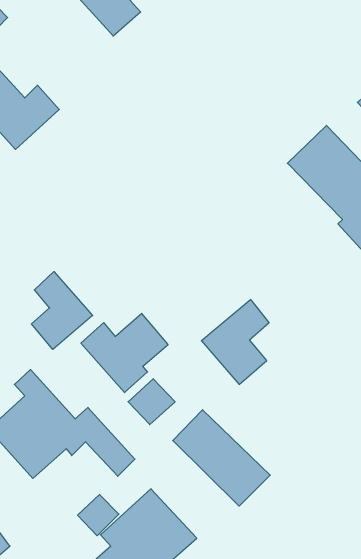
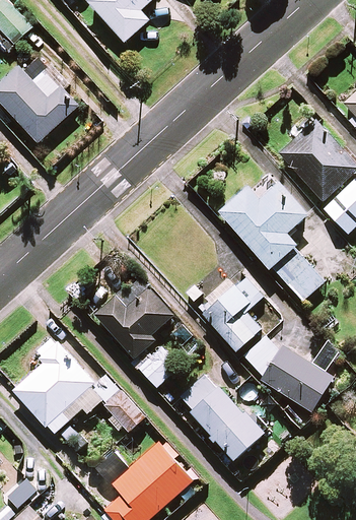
building: none -> [219,170,325,300]
building: [31,272,93,349] -> none
building: none -> [244,332,339,411]

